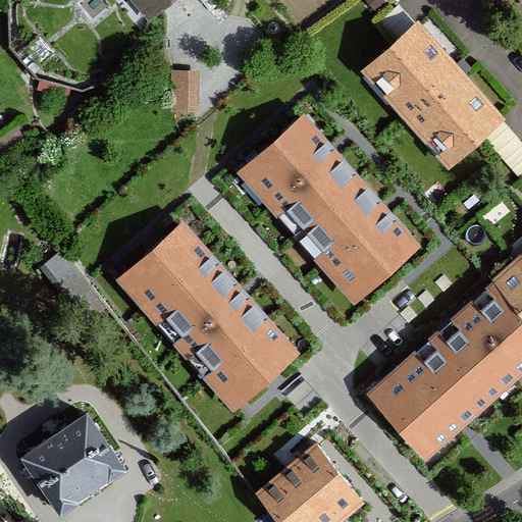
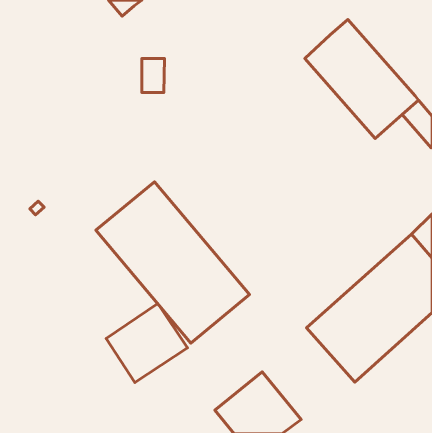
building: [236,112,420,303] -> none
building: [29,416,126,511] -> [106,304,187,383]

